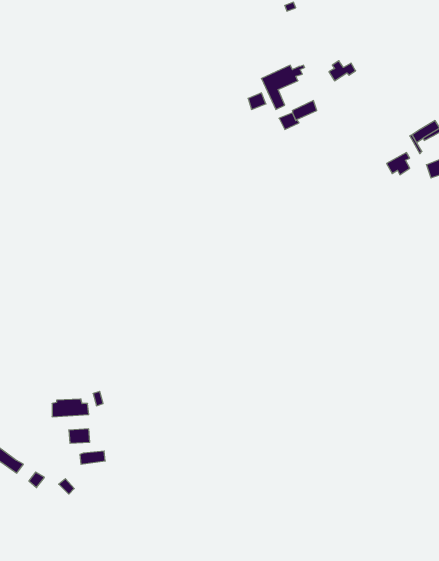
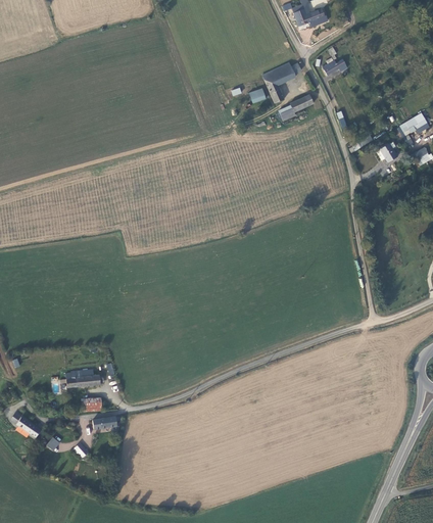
building: none -> [295,9,330,27]

